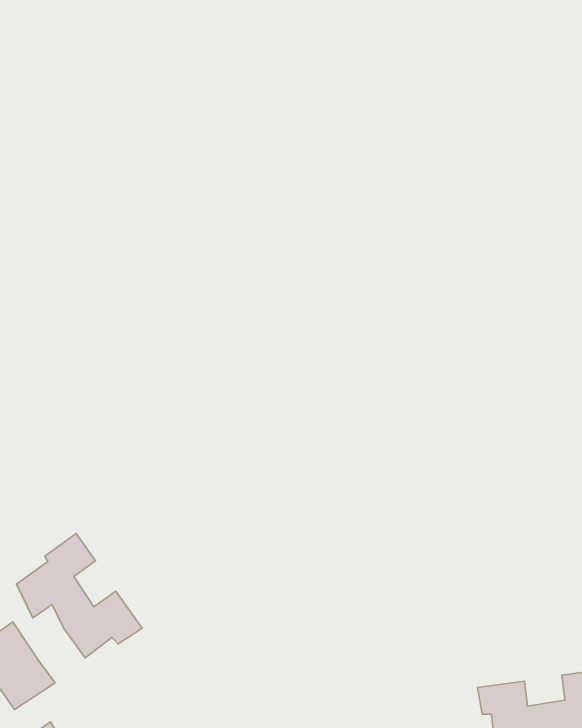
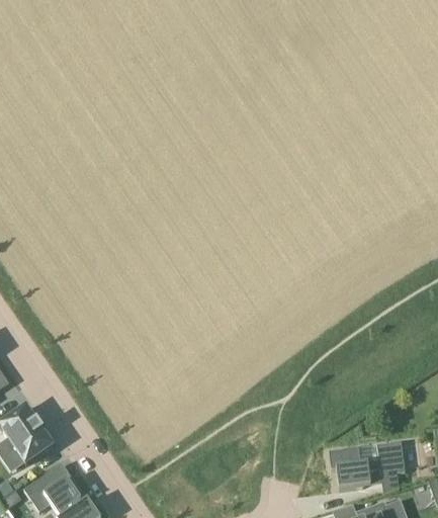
building: [16,534,142,658] -> none

